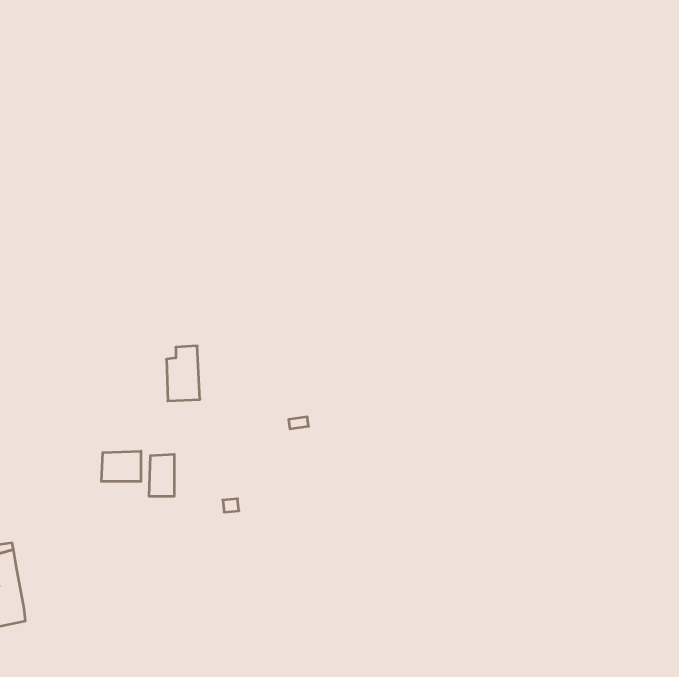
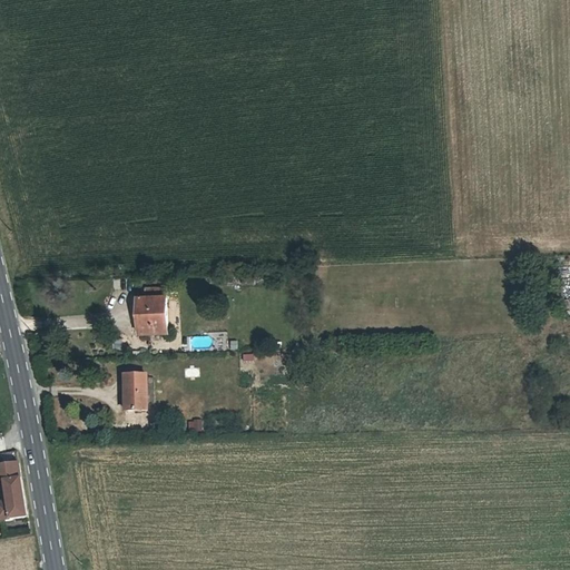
building: [101,451,141,481] -> none

